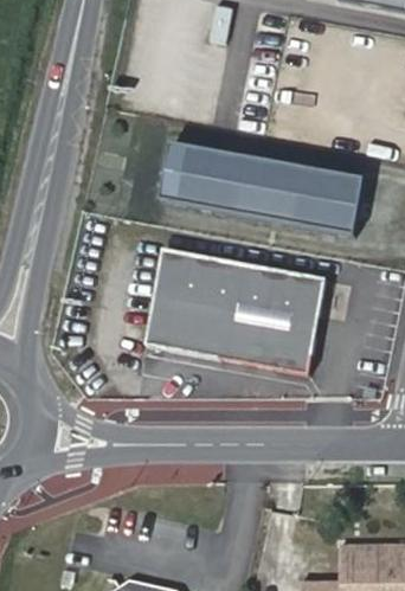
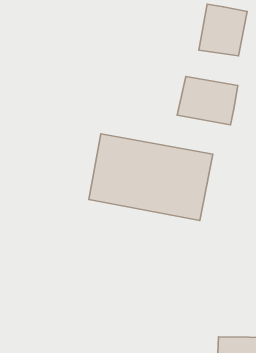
building: none -> [199,4,247,56]
building: [160,140,288,219] -> none

